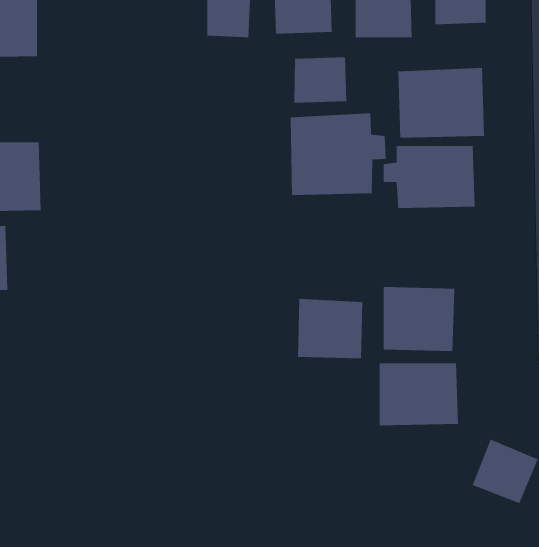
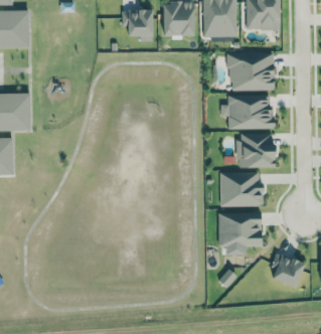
building: [294,57,347,103] -> none
building: [290,112,386,196] -> none
building: none -> [237,134,270,168]
building: [297,298,363,359] -> none

